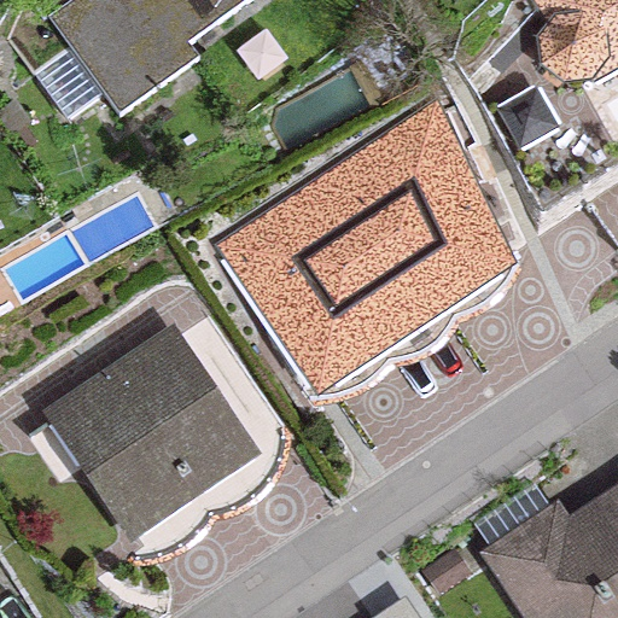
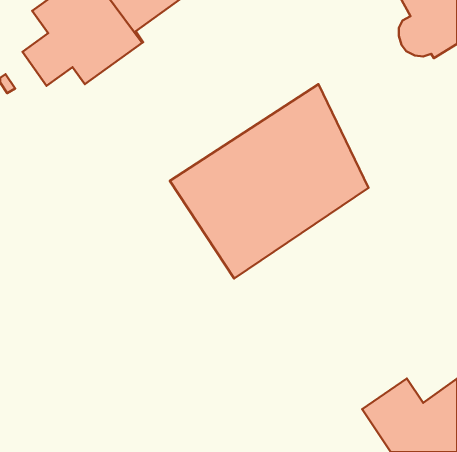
building: [64,333,246,525] -> none

